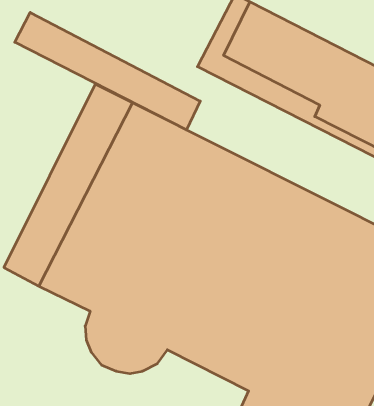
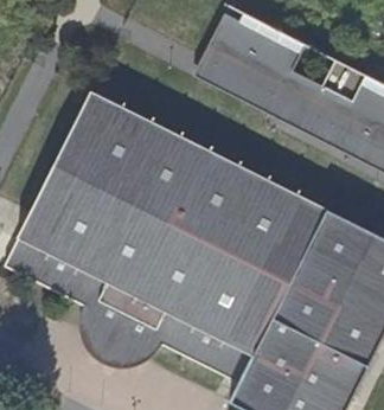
building: [15,12,200,130] -> none

